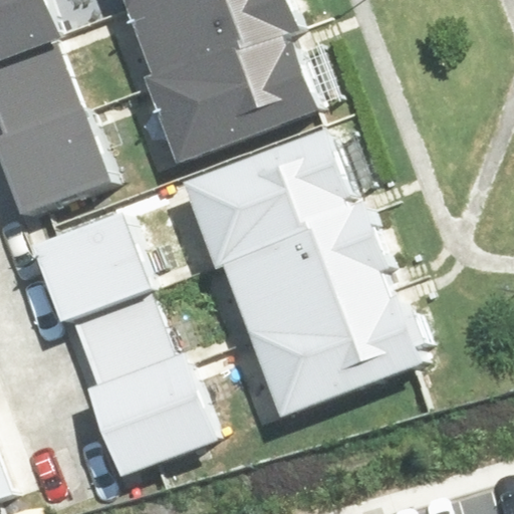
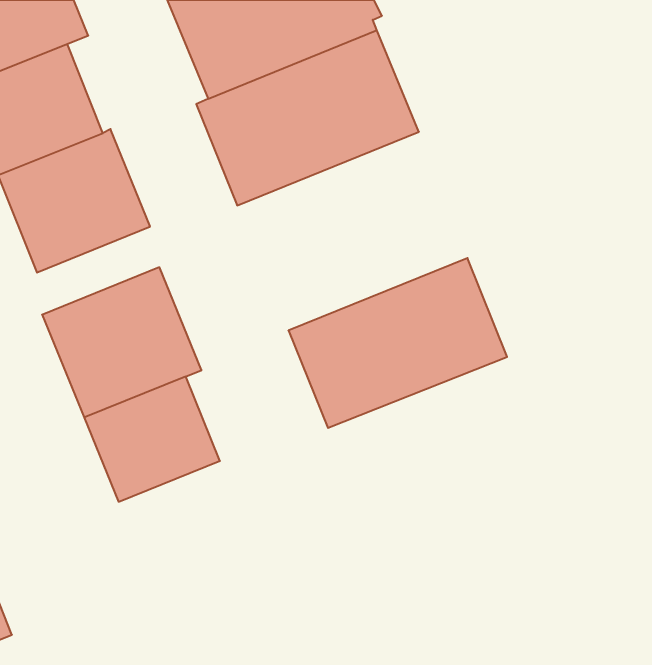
building: [190,128,356,258] -> none
building: [250,278,420,414] -> none
building: [90,350,218,471] -> none

